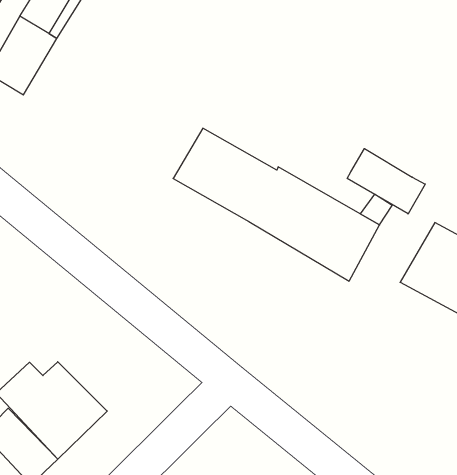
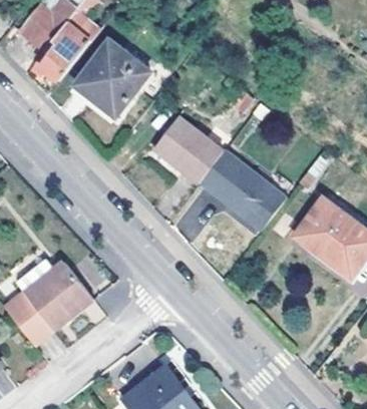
building: none -> [74,38,149,114]
building: [347,149,425,214] -> none

